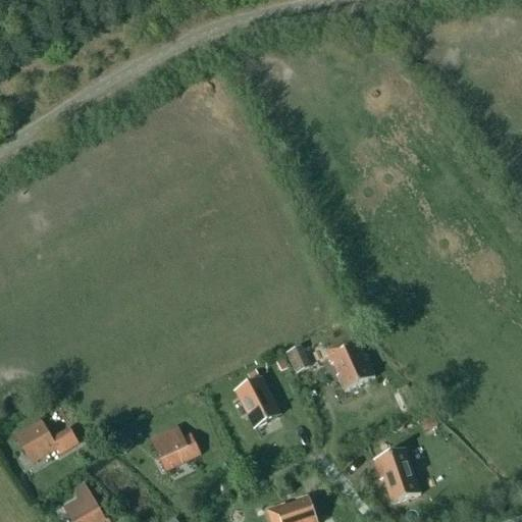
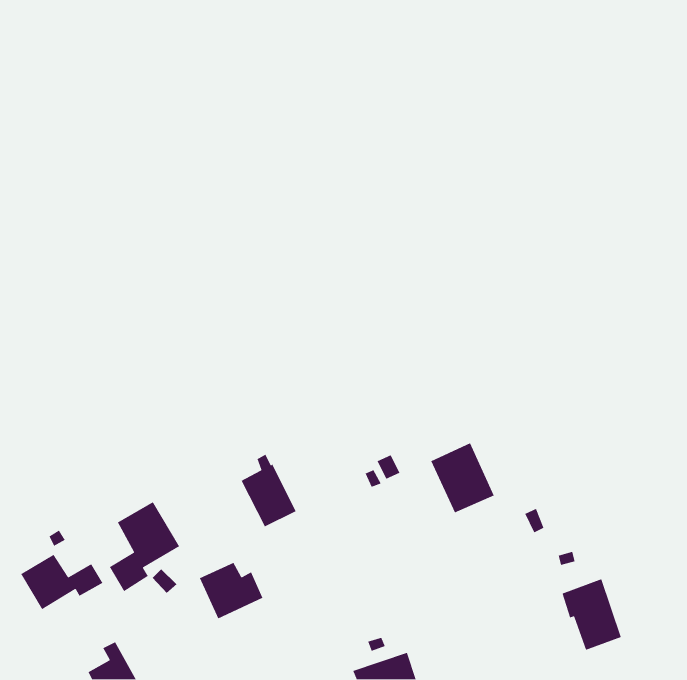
building: [237,370,279,426] -> [240,454,297,528]
building: none -> [109,501,180,592]
building: [374,448,420,503] -> [561,578,622,651]

